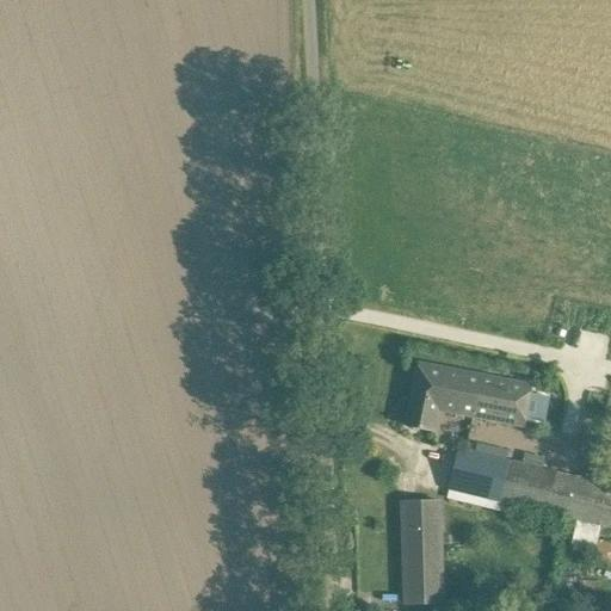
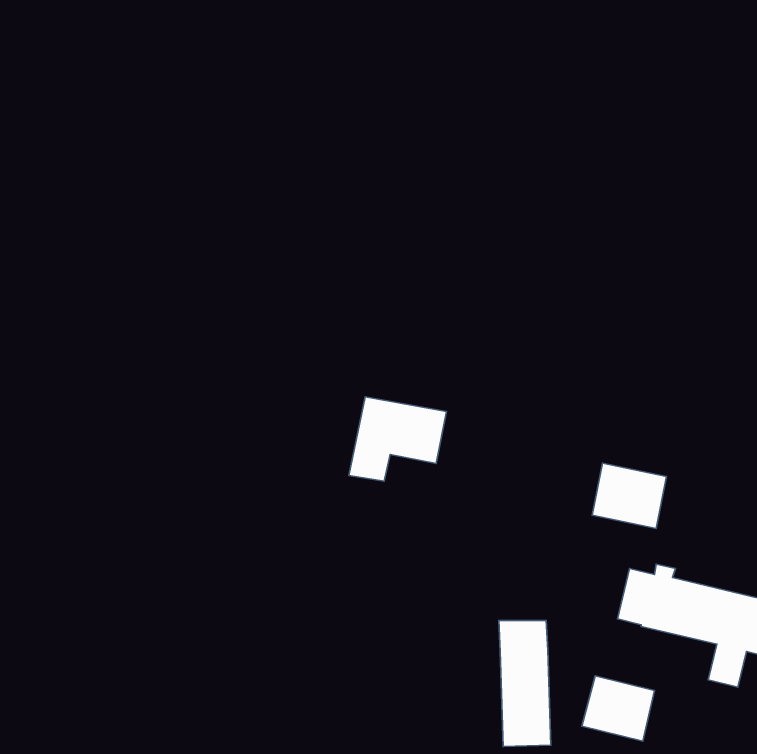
building: [407,360,486,428] -> [349,397,447,481]
building: [449,445,507,498] -> [582,676,655,741]

